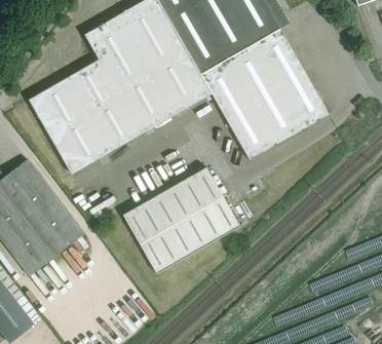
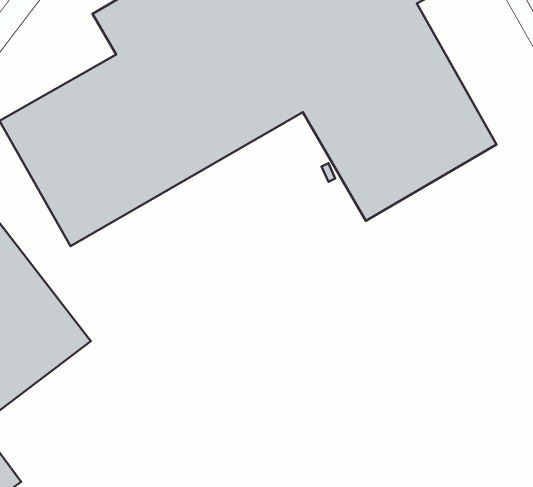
building: [123,167,240,274] -> none

